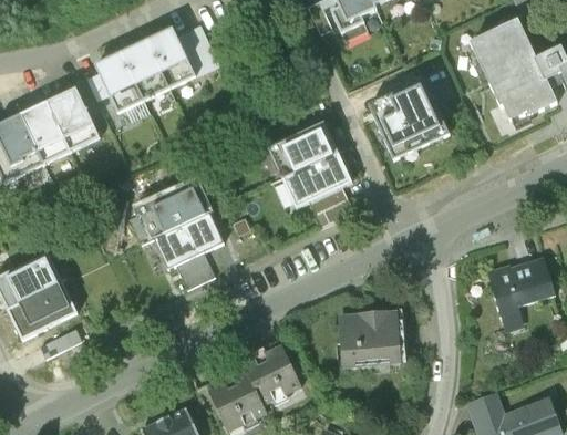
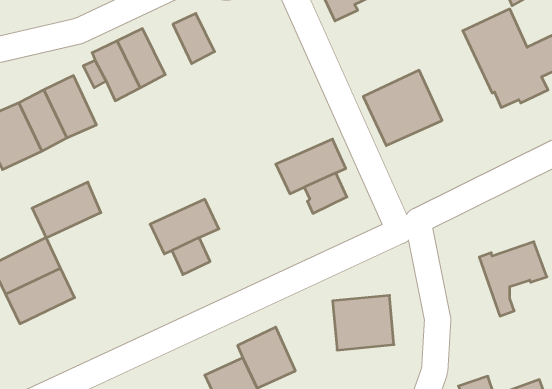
building: [145,27,195,86] -> none
building: [267,122,338,177] -> none
building: [138,182,208,238] -> [32,182,101,238]

